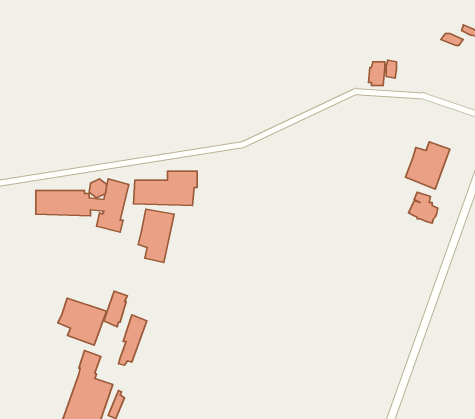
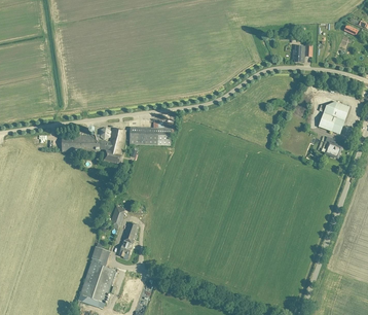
building: [138,209,174,262] -> none
building: [58,298,106,345] -> none

